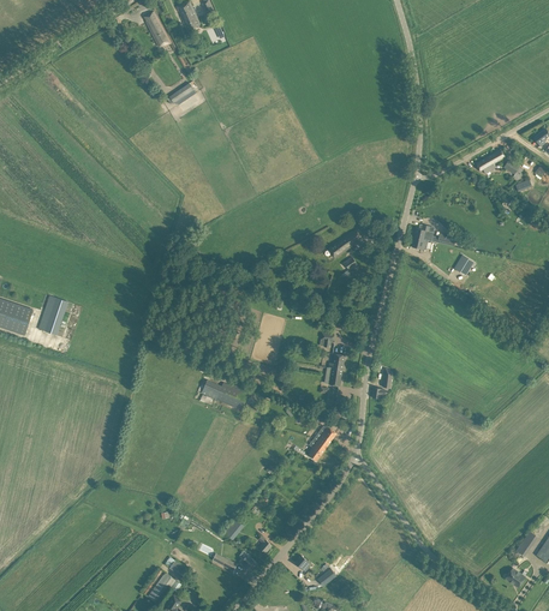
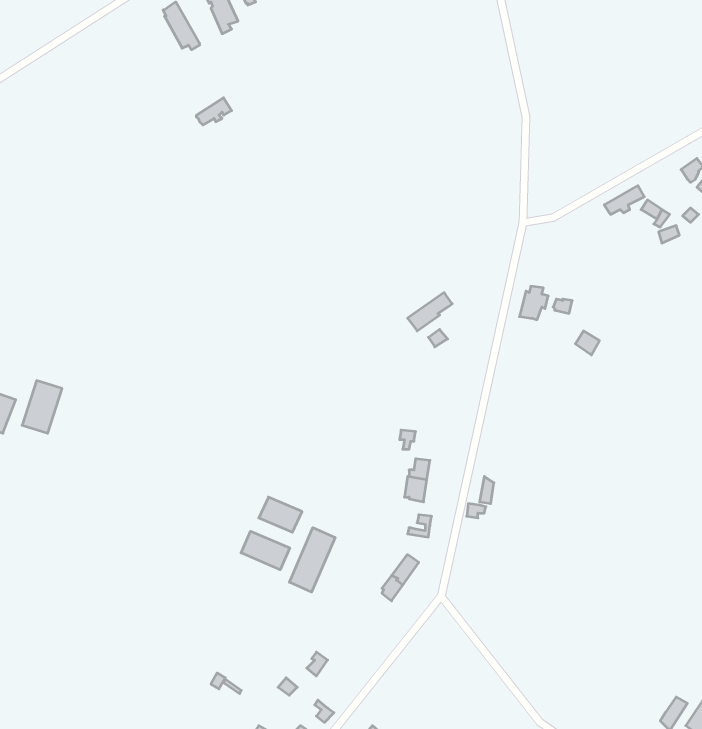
building: none -> [289,528,335,592]
building: none -> [241,531,290,570]

